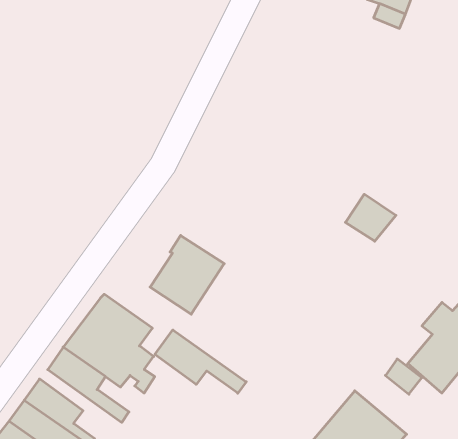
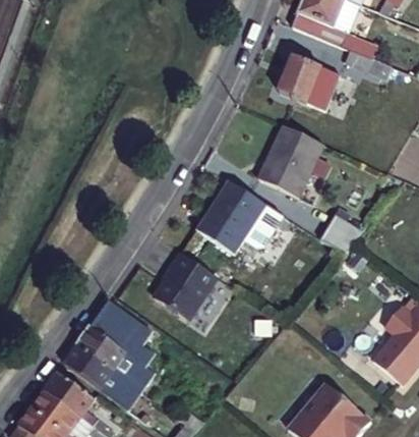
building: none -> [278,54,340,111]
building: none -> [259,123,325,195]
building: none -> [197,181,285,255]
building: [155,330,246,393] -> none

